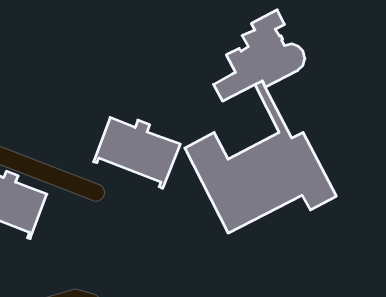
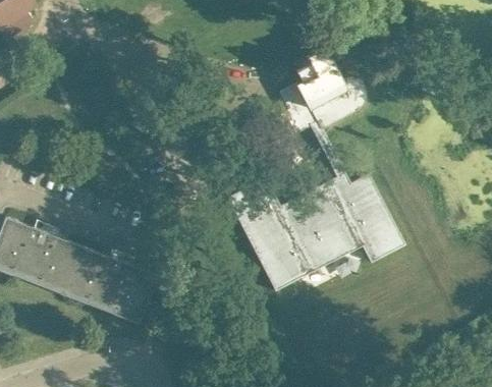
building: [93,117,180,188] -> [60,246,156,325]

